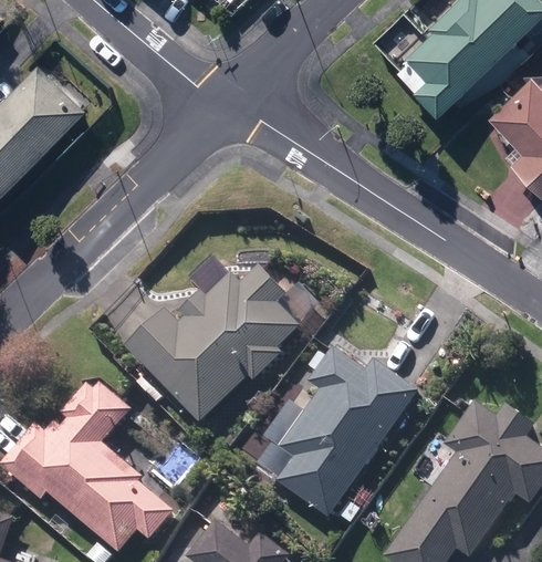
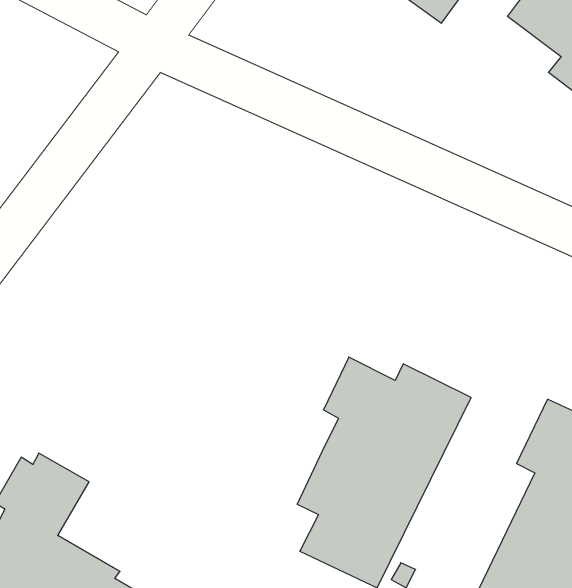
building: [125,266,304,424] -> none

